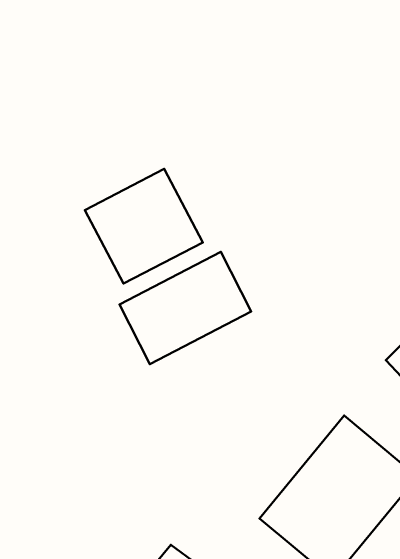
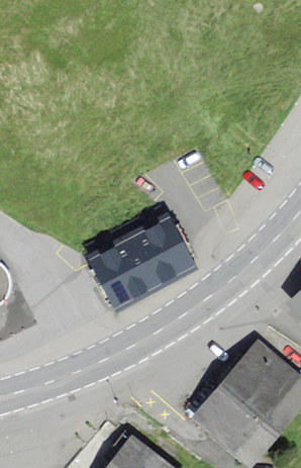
building: [85,169,203,284] -> none

